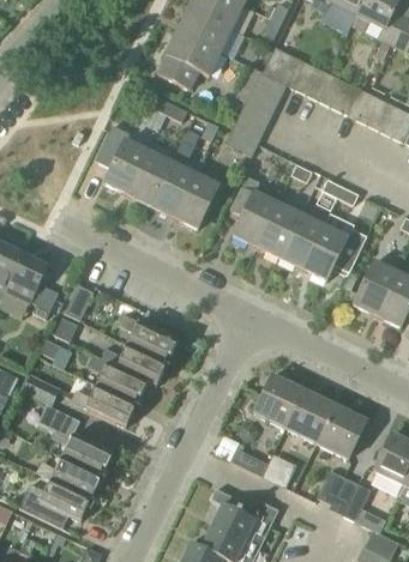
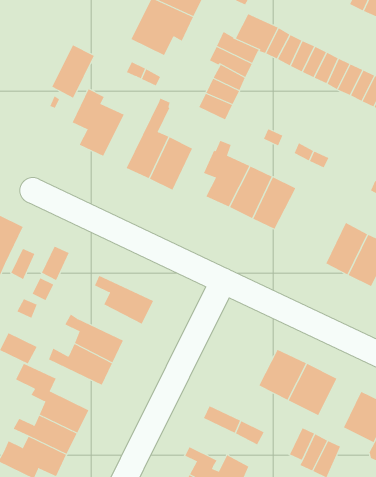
building: [127,137,184,205] -> [51,32,107,98]
building: [302,225,366,279] -> none
building: [101,344,167,386] -> none
building: [253,374,305,427] -> none

